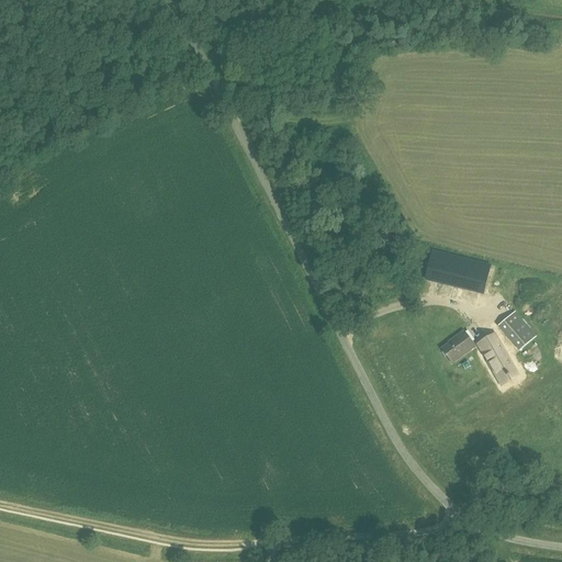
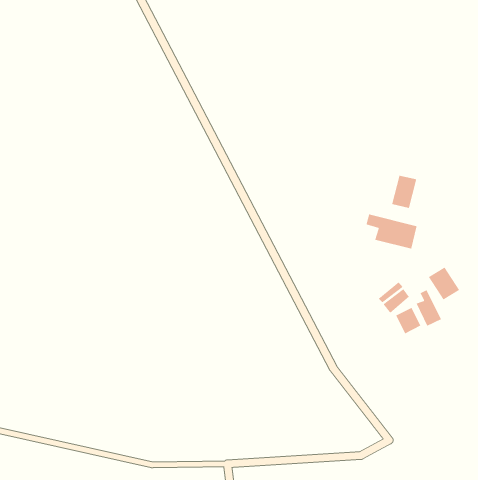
building: none -> [391,175,417,209]
building: none -> [395,307,421,334]

